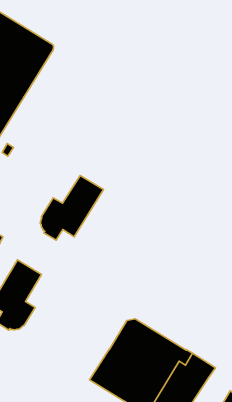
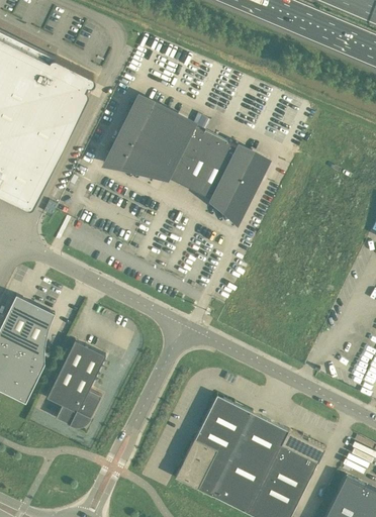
building: none -> [105,99,265,222]
building: [40,176,103,240] -> none

